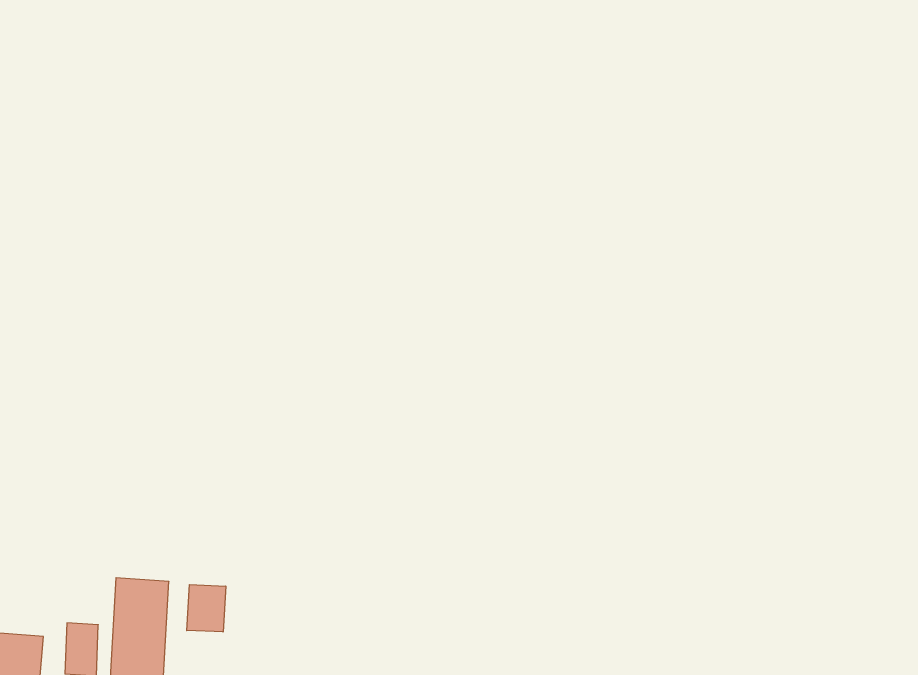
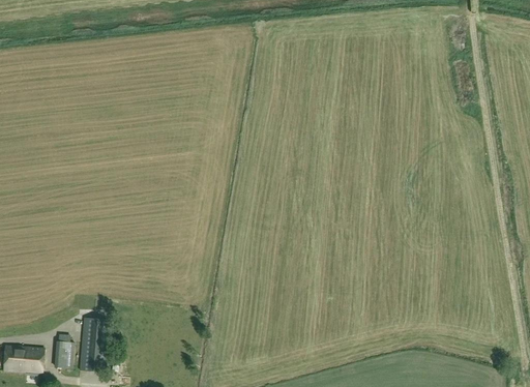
building: [187,585,226,632] -> none

